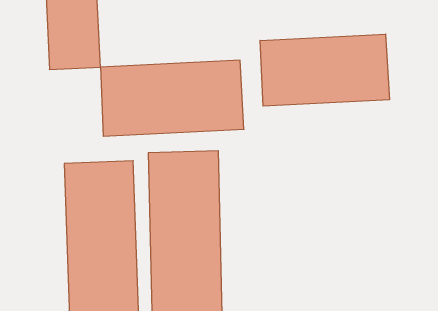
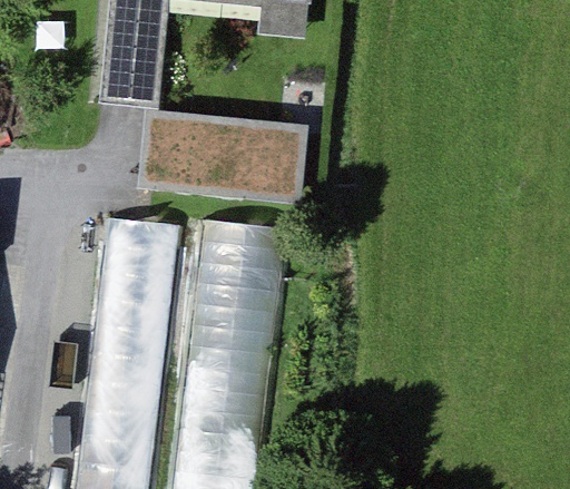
building: [260,34,389,106] -> none

